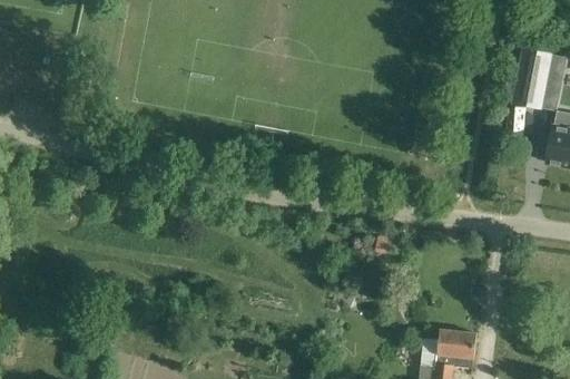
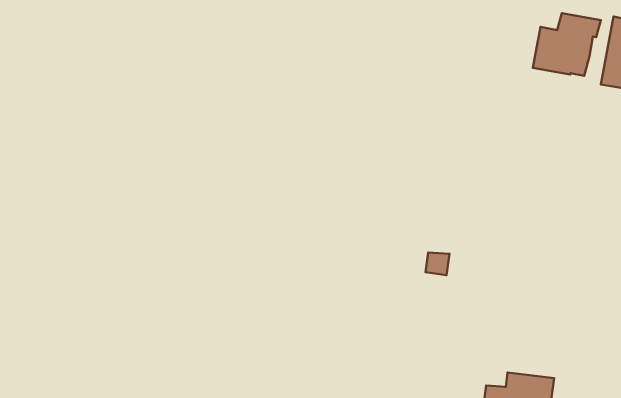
building: none -> [533,13,601,76]

